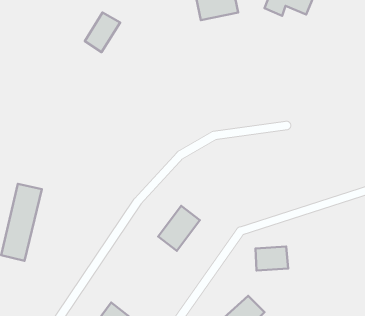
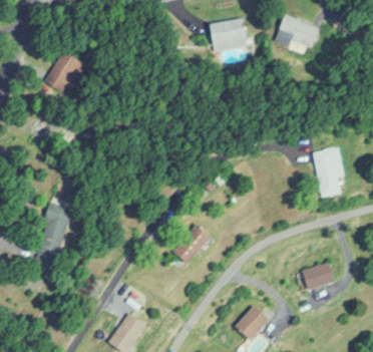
building: [85,13,120,52] -> [44,53,76,89]
building: none -> [314,147,345,198]
building: [255,246,288,271] -> [305,265,335,287]

